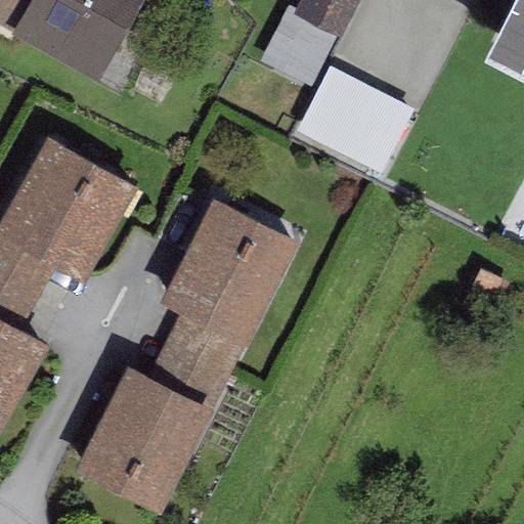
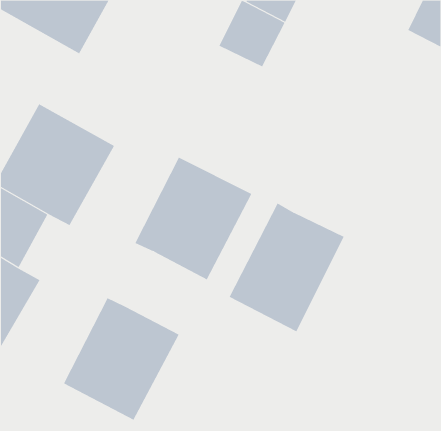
building: [301,75,416,181] -> none
building: none -> [229,202,345,332]
building: [148,310,246,408] -> none

